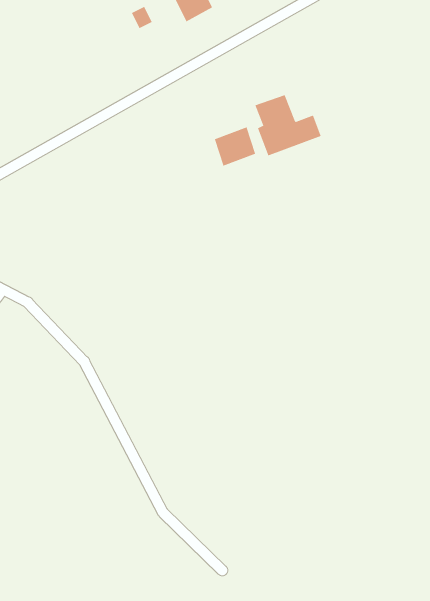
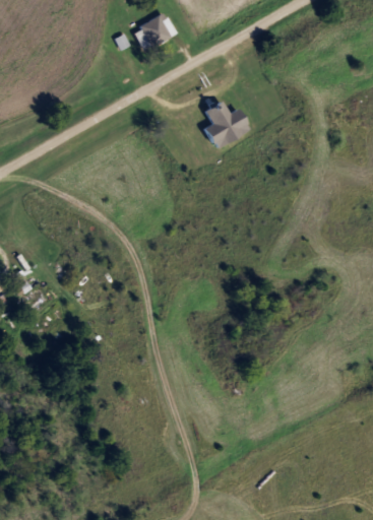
building: [214,127,256,166] -> none

